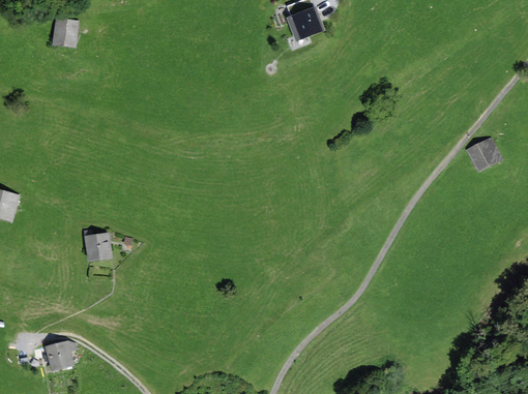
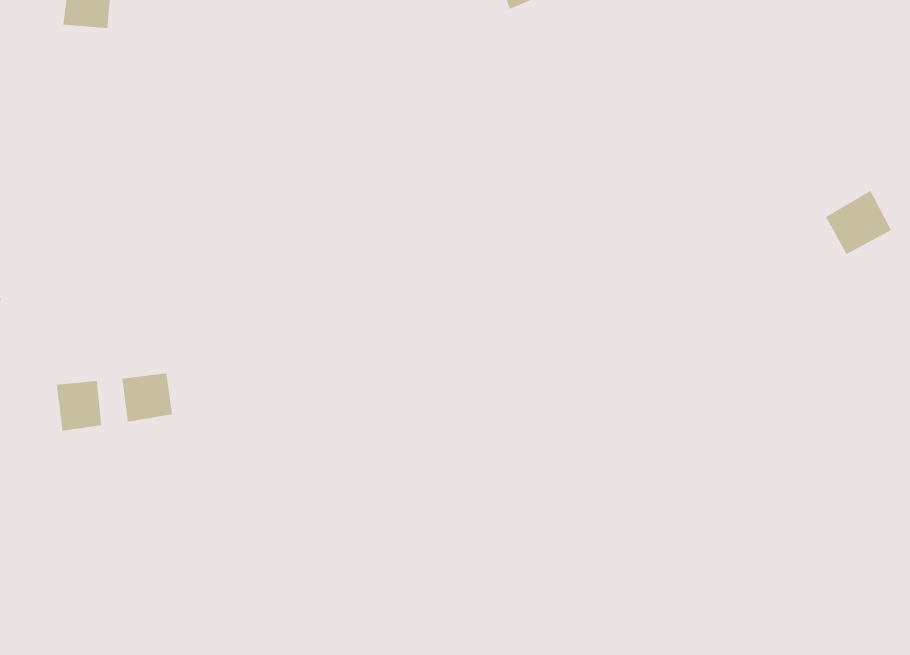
building: none -> [56,380,102,432]
building: [43,341,75,371] -> none

